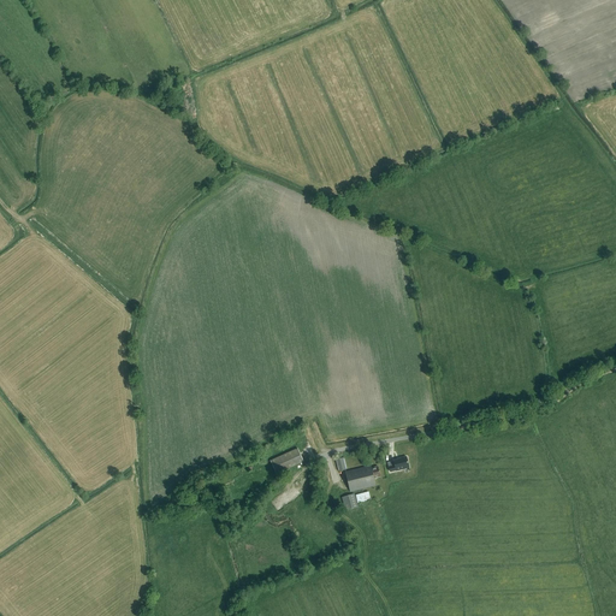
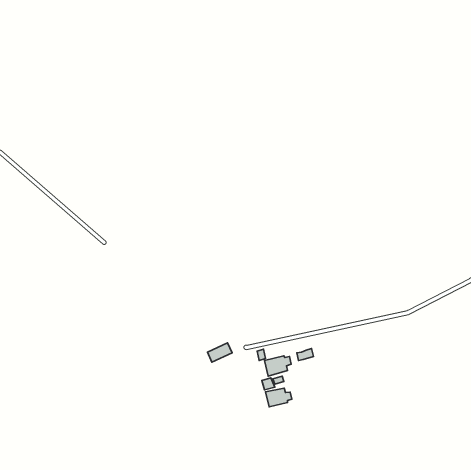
building: none -> [266,388,292,407]

